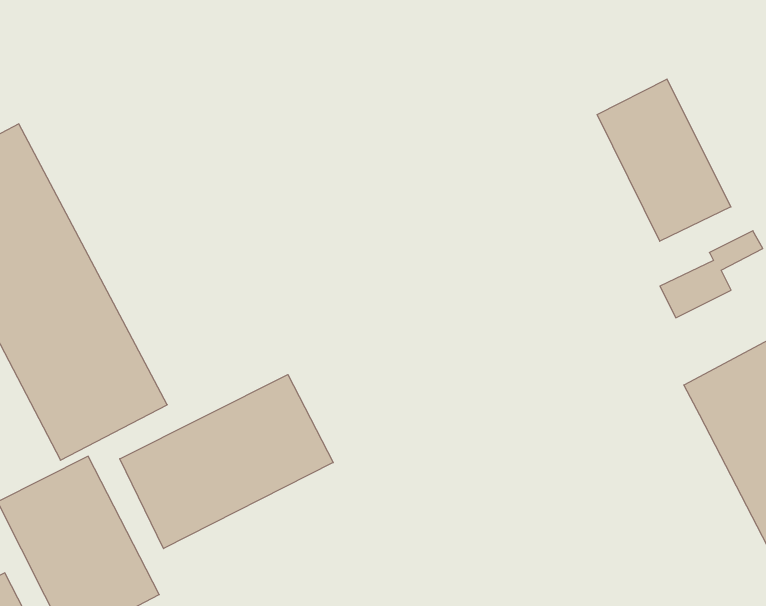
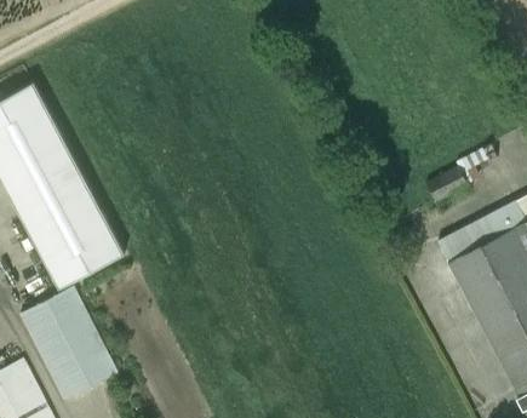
building: [597,79,731,241] -> none
building: [120,375,333,549] -> none

